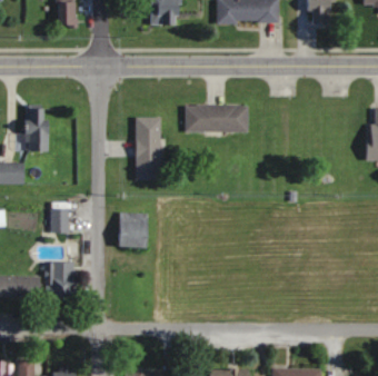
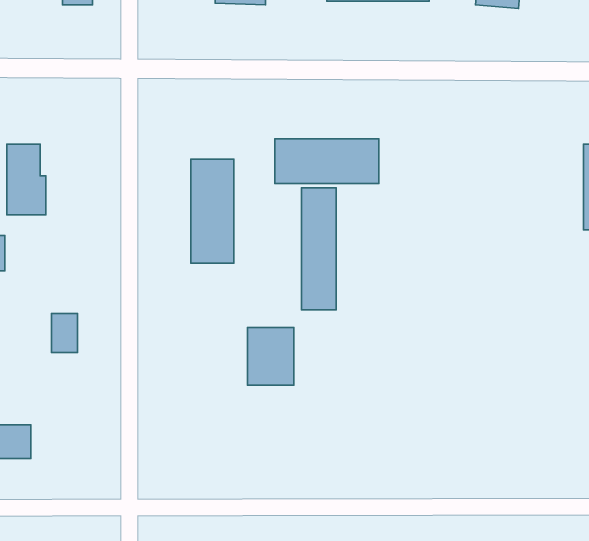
building: none -> [301,188,336,310]
building: [119,212,147,247] -> [247,328,294,385]
building: [49,260,77,299] -> none

